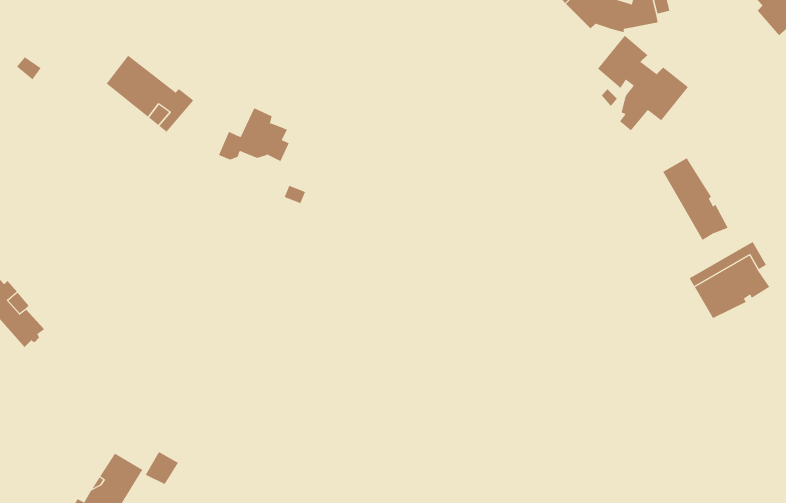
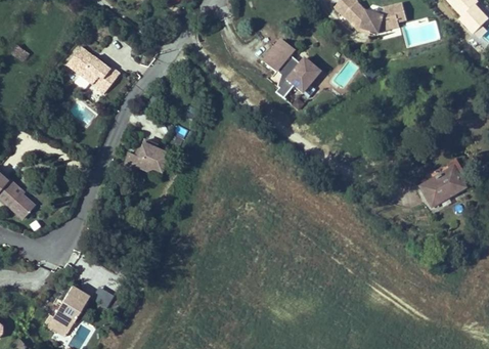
building: [597,35,689,131] -> [263,39,318,97]
building: [218,108,289,162] -> [123,139,166,172]
building: [662,157,729,241] -> none

